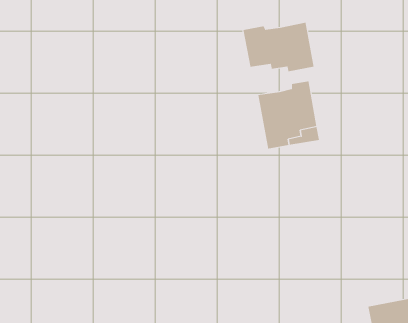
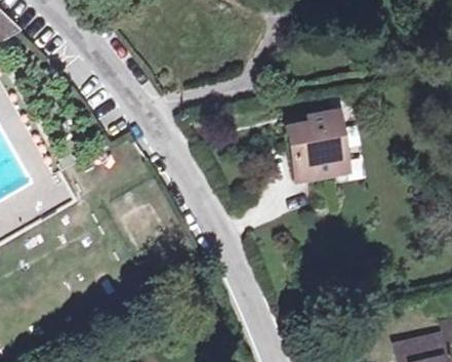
building: [243,22,314,72] -> none

